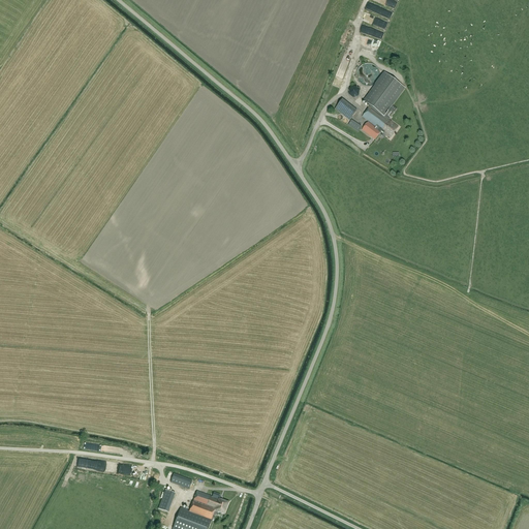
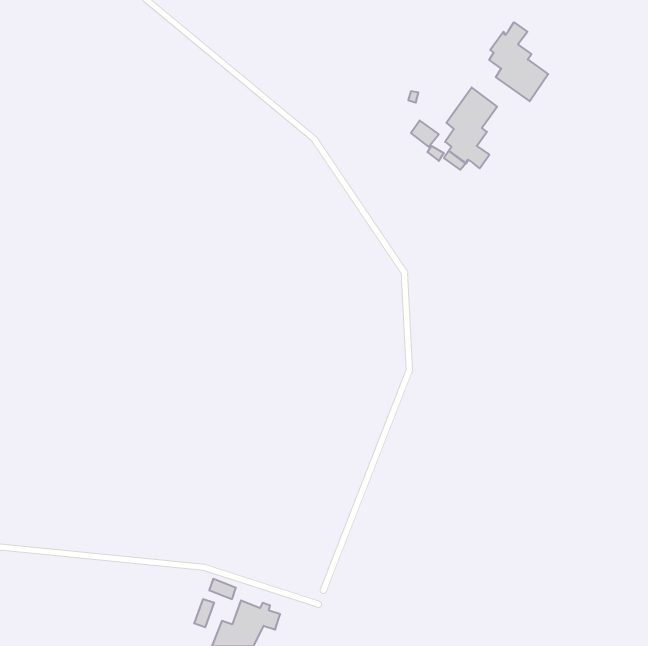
building: none -> [489,22,548,101]

